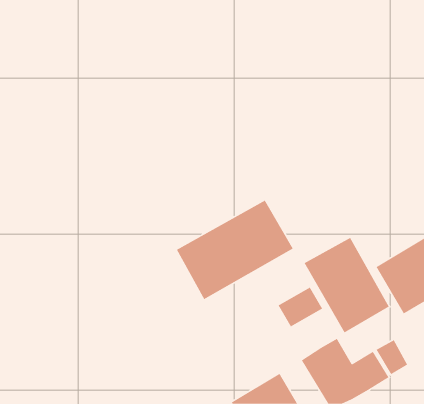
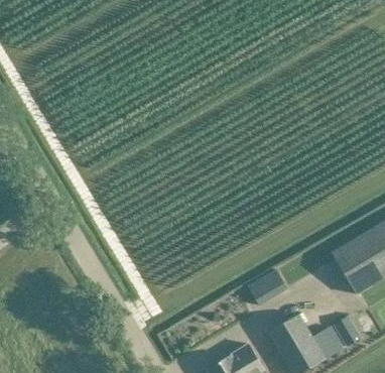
building: [176,199,294,300] -> none
building: [304,237,390,333] -> none

